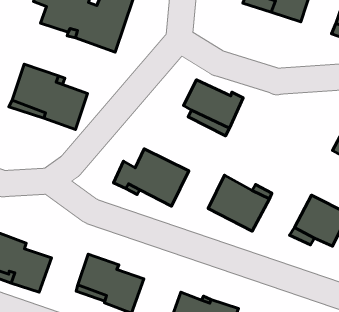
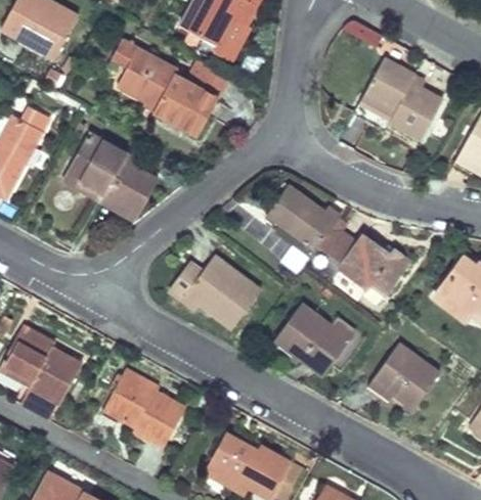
building: none -> [338,233,410,293]

